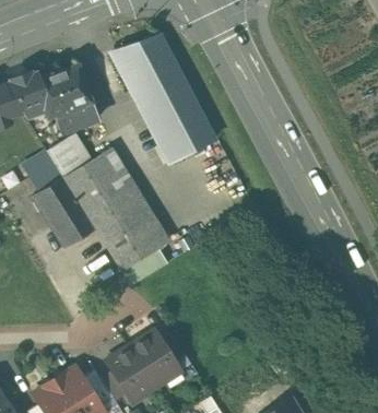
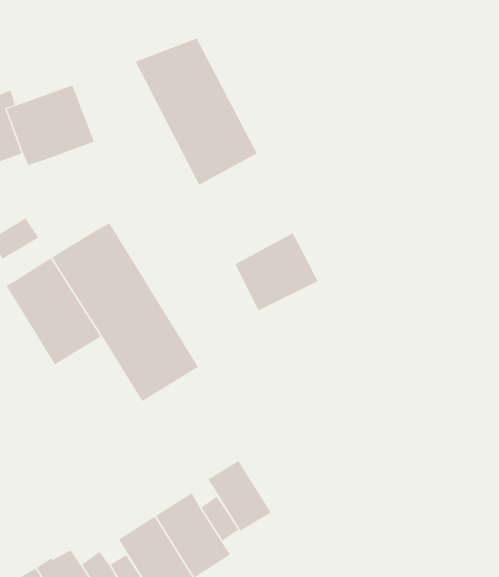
building: [56,102,98,132] -> none
building: [160,109,214,161] -> [235,232,318,311]
building: [47,133,92,177] -> none
building: none -> [208,460,271,532]

